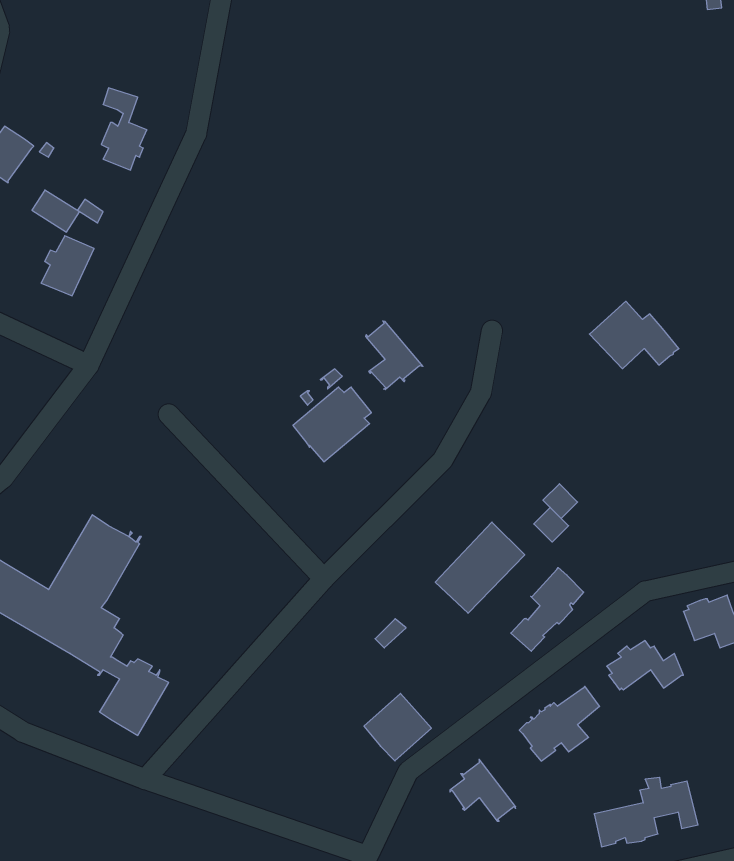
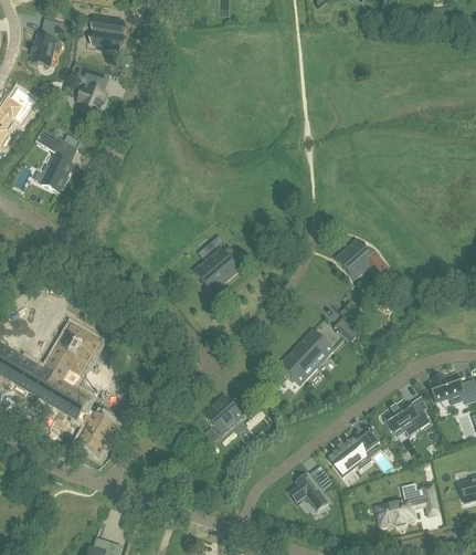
building: none -> [31,18,64,64]
building: none -> [92,18,121,48]
building: [589,301,679,369] -> [334,238,388,279]
building: [366,321,423,390] -> none
building: [511,568,584,651] -> none
building: [364,693,431,761] -> [202,394,243,434]

